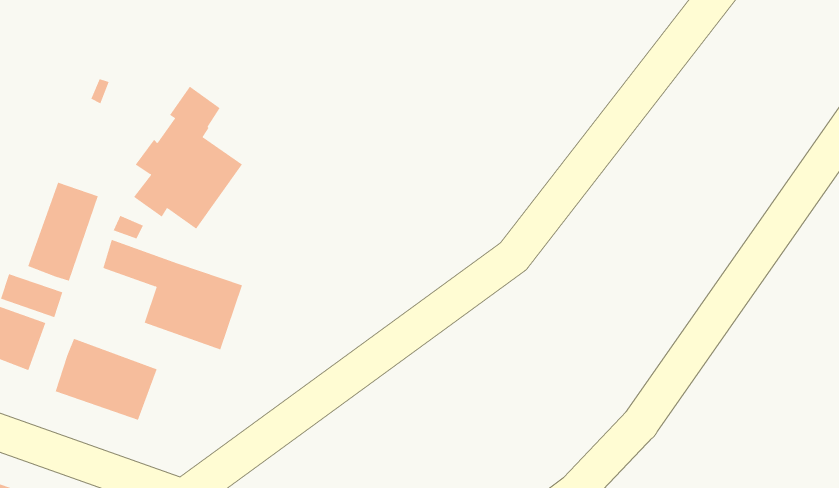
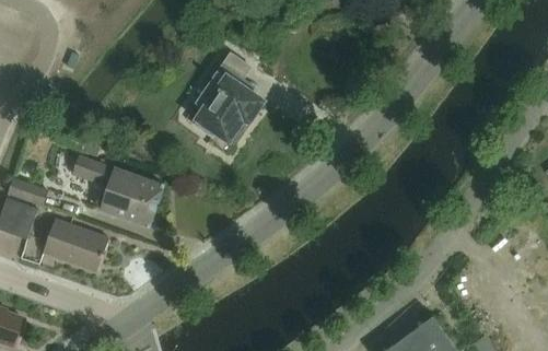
building: [133,86,243,229] -> [194,52,264,144]
building: [28,182,99,281] -> none

